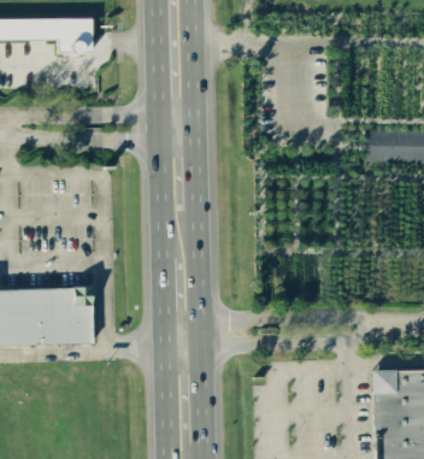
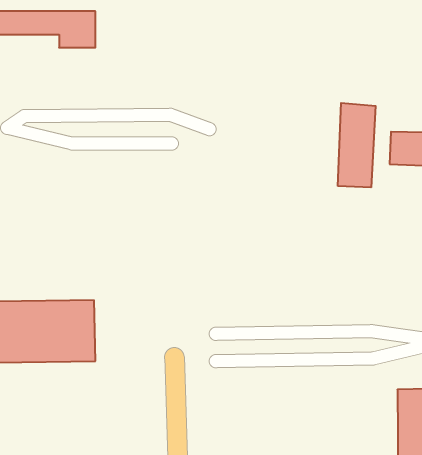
building: none -> [338,103,376,187]

